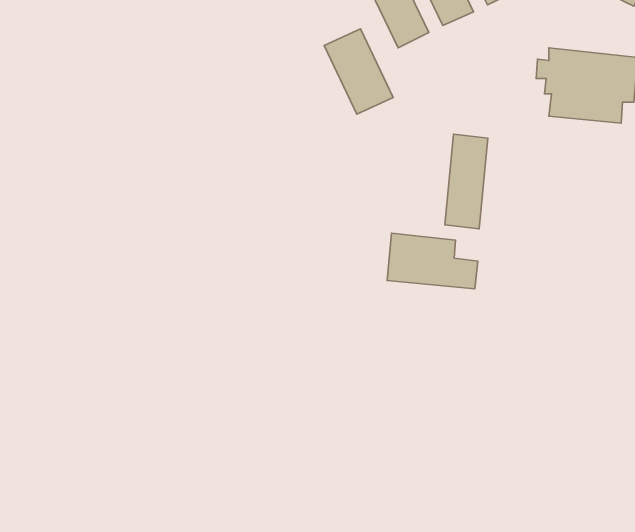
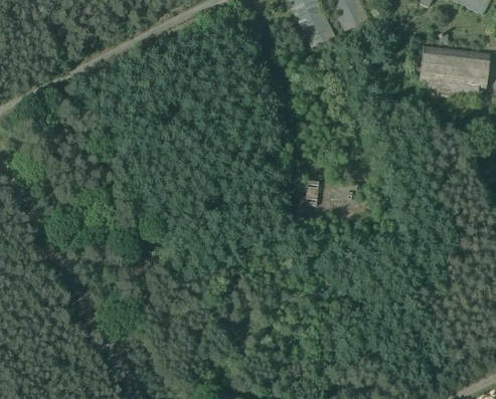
building: [324,29,393,114] -> none
building: [445,134,488,229] -> none

